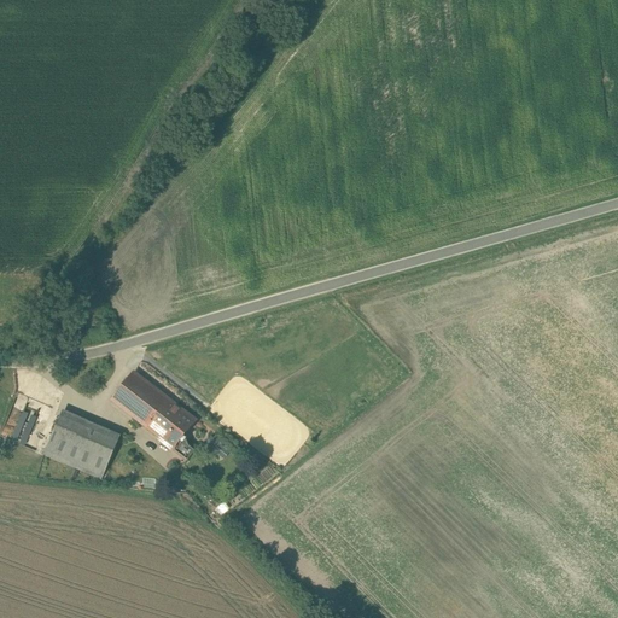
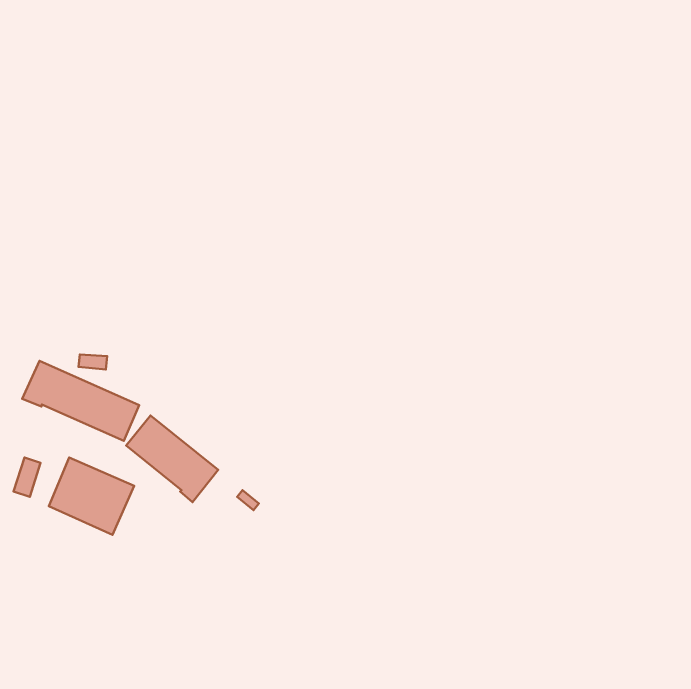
building: none -> [22,361,139,441]

